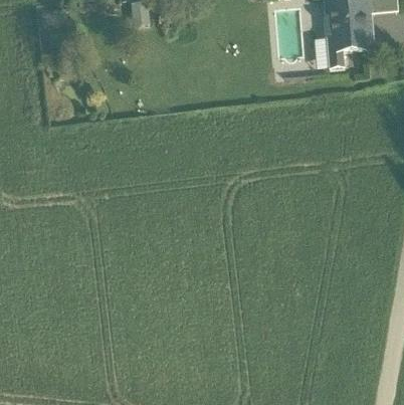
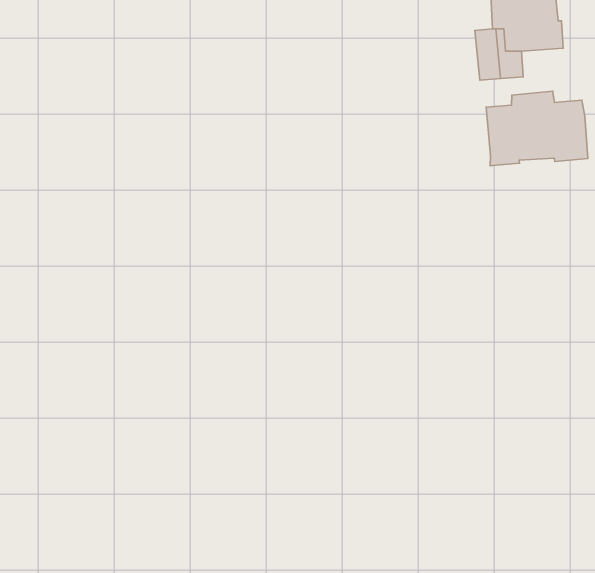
building: none -> [486,91,588,166]

